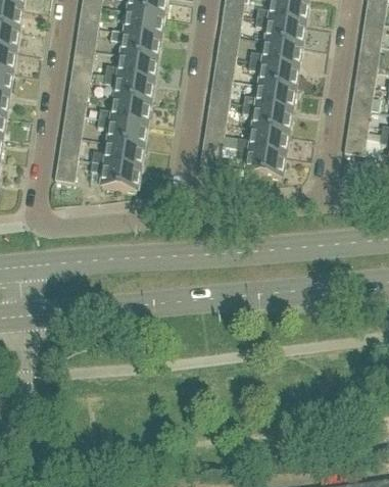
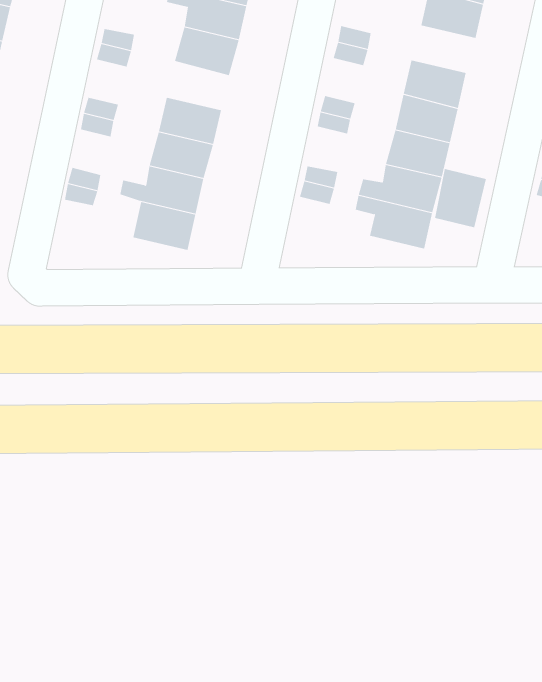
building: [261,41,300,67] -> none
building: [113,76,151,103] -> none
building: none -> [434,168,487,228]

